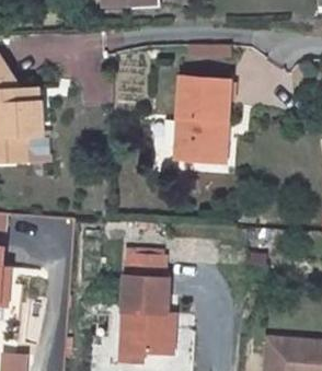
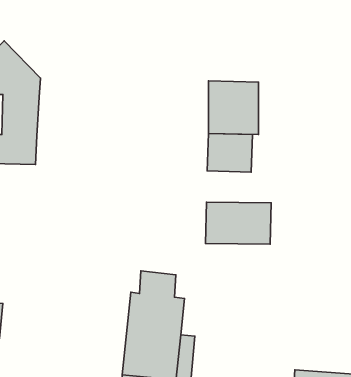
building: none -> [205,202,271,244]

